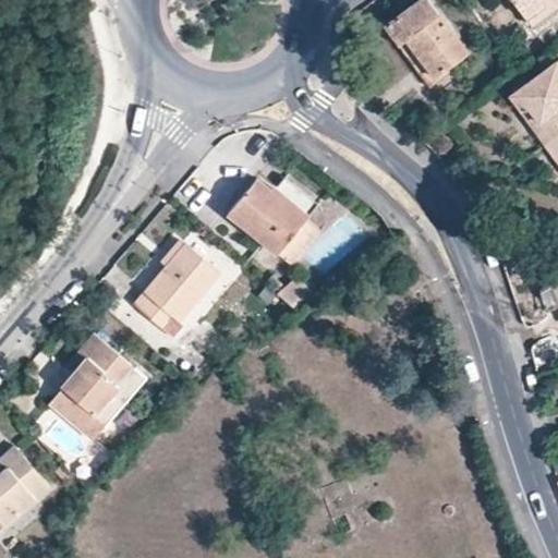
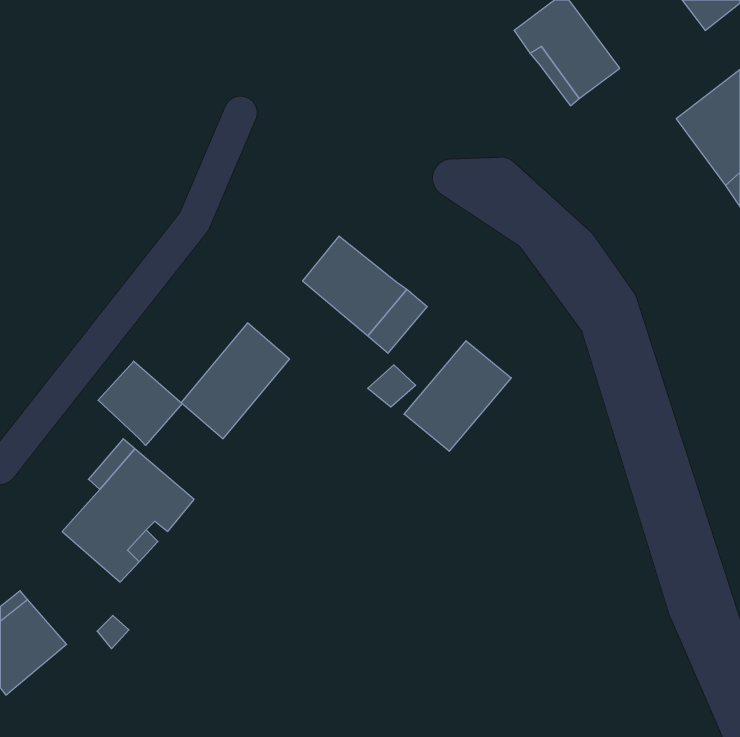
building: none -> [404,341,511,451]
building: none -> [98,361,182,445]

